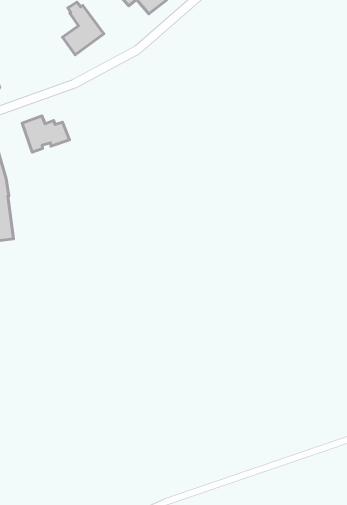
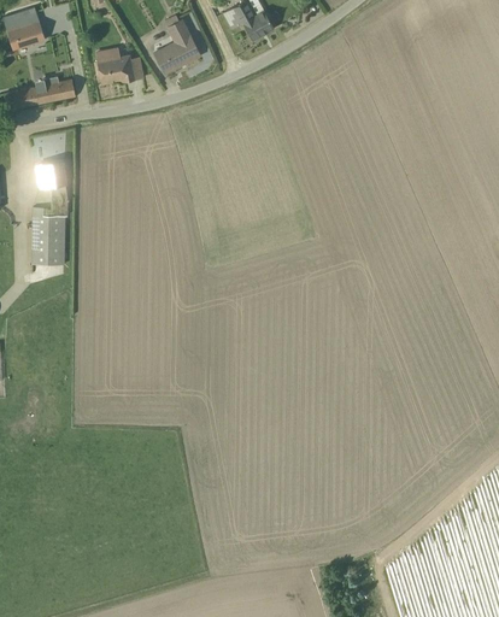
building: [22,116,70,152] -> [94,47,143,86]

